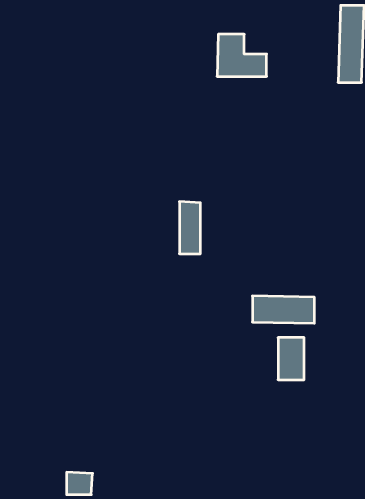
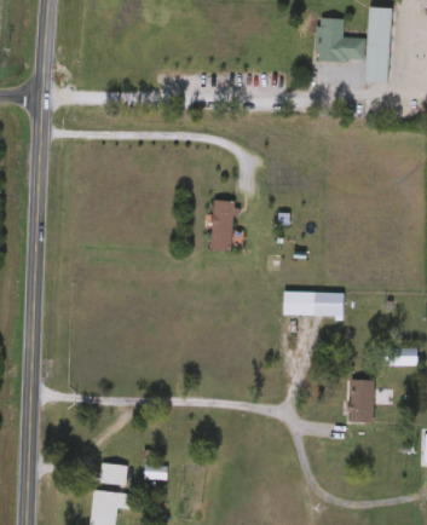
building: [217,34,267,76] -> [316,18,364,59]
building: [278,338,304,380] -> [348,380,374,421]

